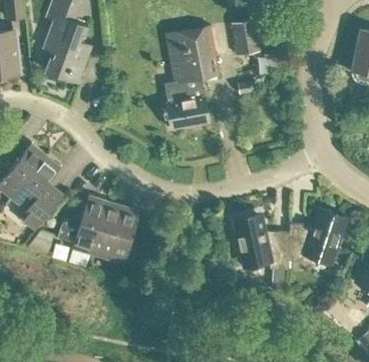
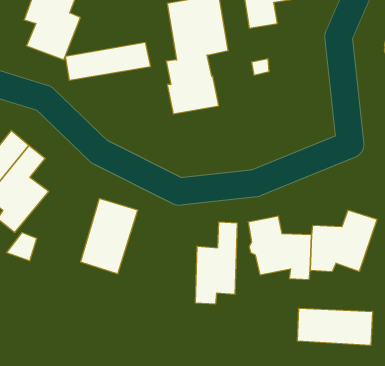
building: none -> [65,42,151,80]
building: [57,195,107,255] -> none
building: none -> [195,222,237,304]
building: none -> [297,308,373,345]

